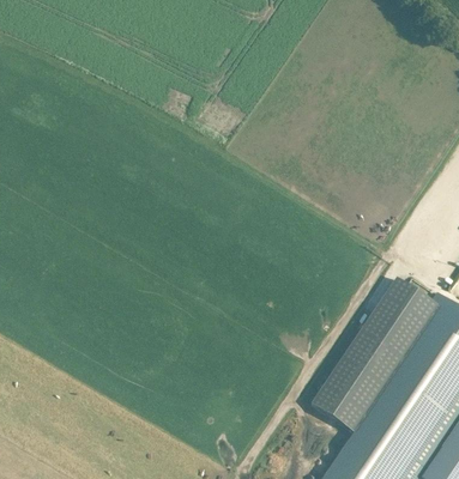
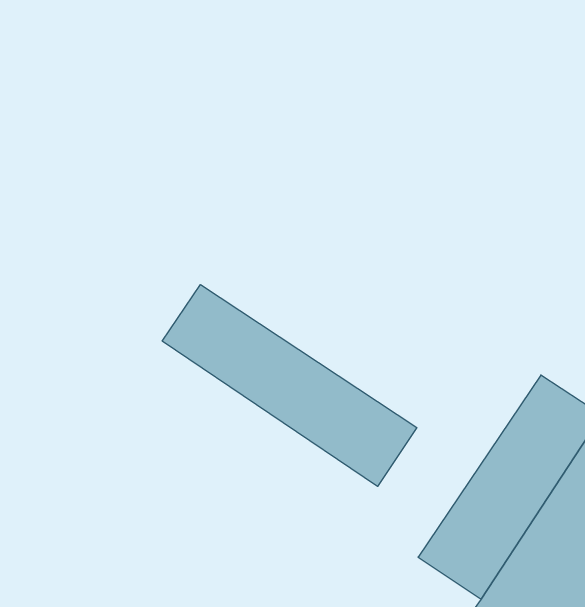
building: none -> [162,285,417,486]

